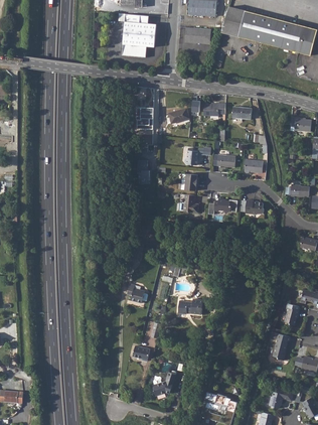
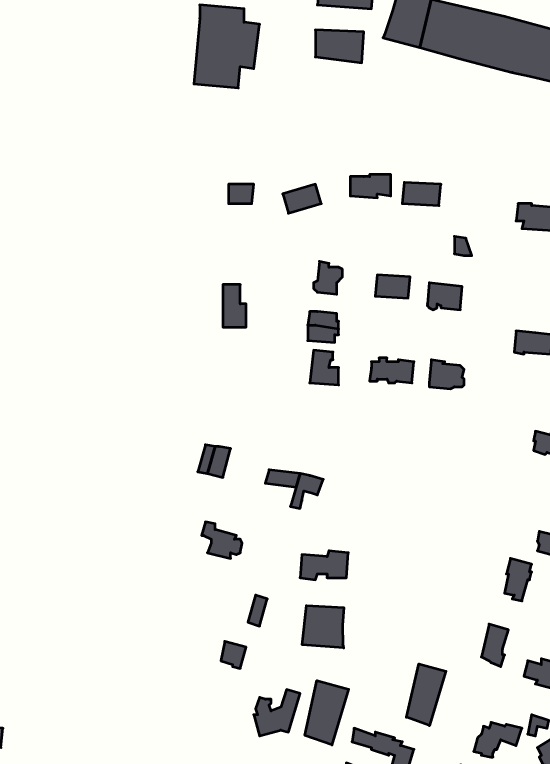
building: none -> [302,606,344,648]
building: none -> [406,664,446,726]
building: none -> [305,681,349,745]

